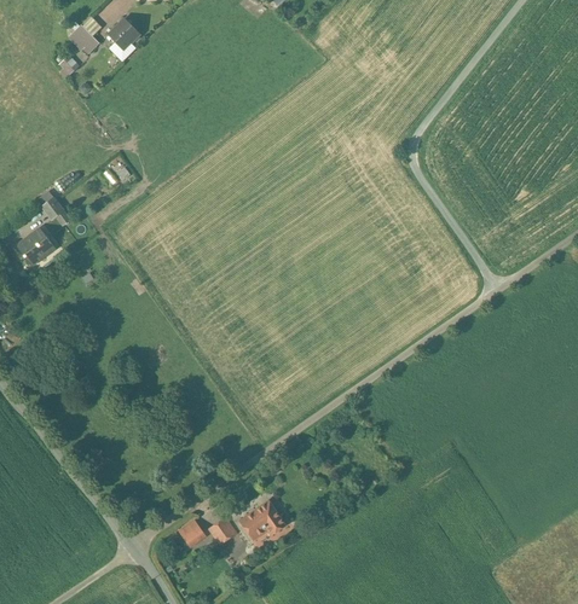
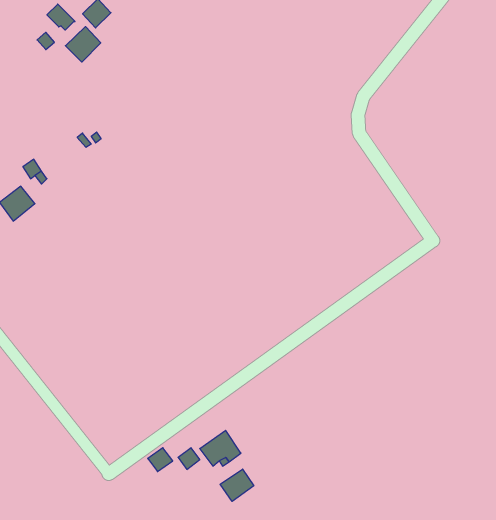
building: none -> [65,27,101,62]
building: none -> [220,469,254,501]

